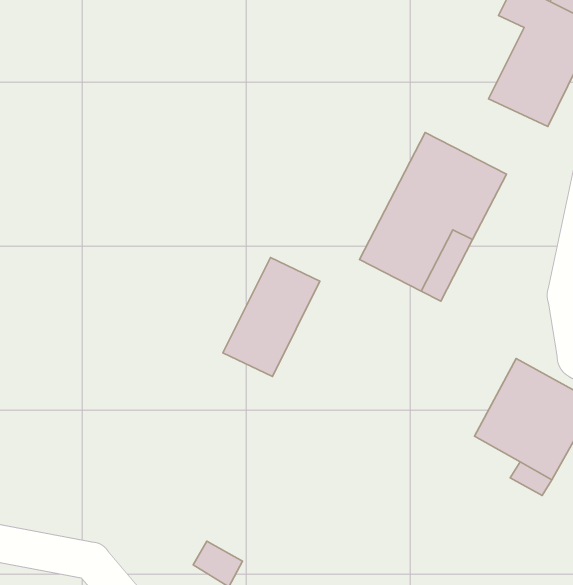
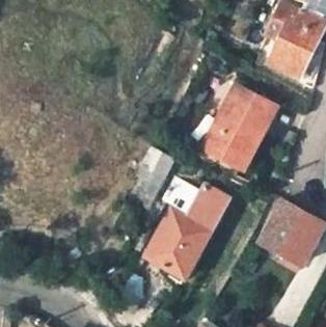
building: none -> [143,180,224,276]

